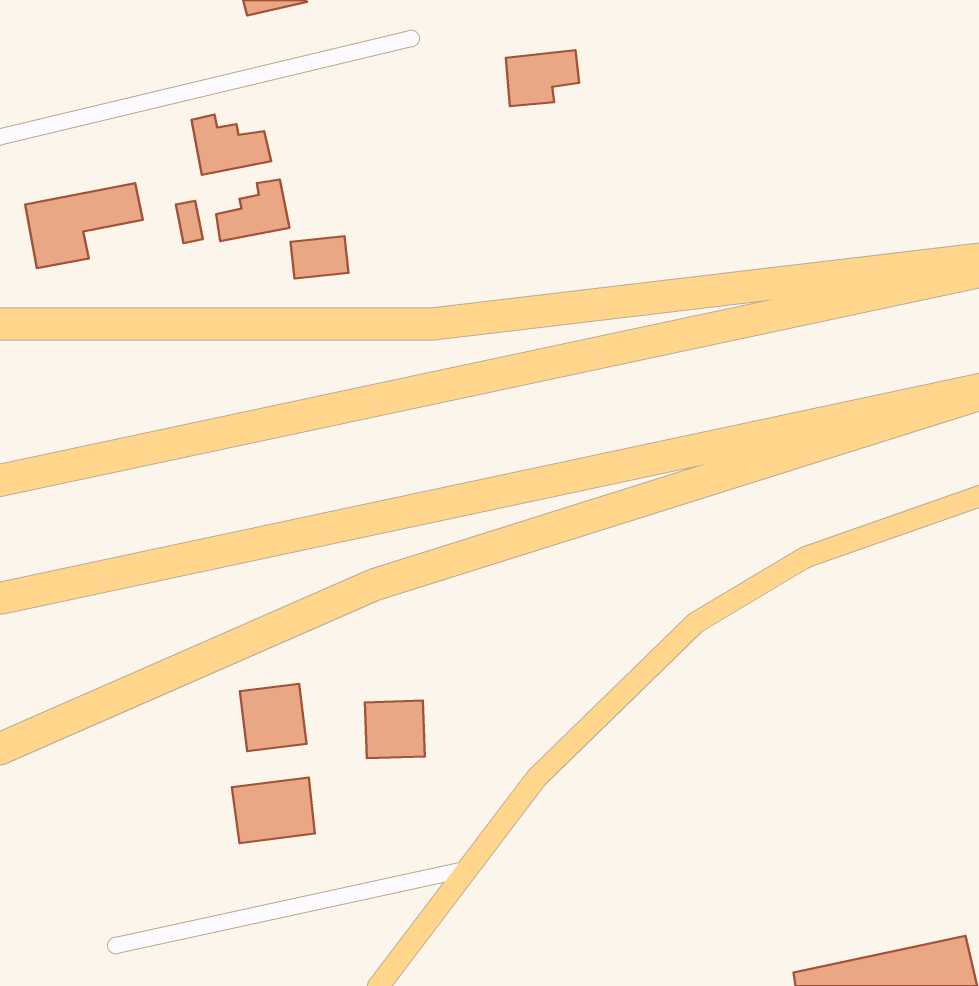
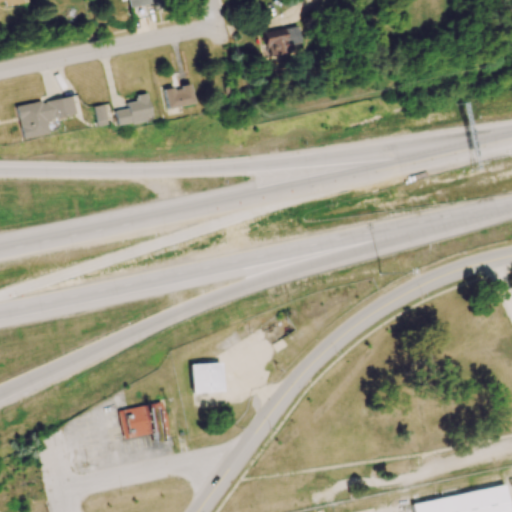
building: [192,115,271,175] -> none
building: [291,236,348,279] -> [165,86,195,108]
building: [240,684,307,751] -> none

